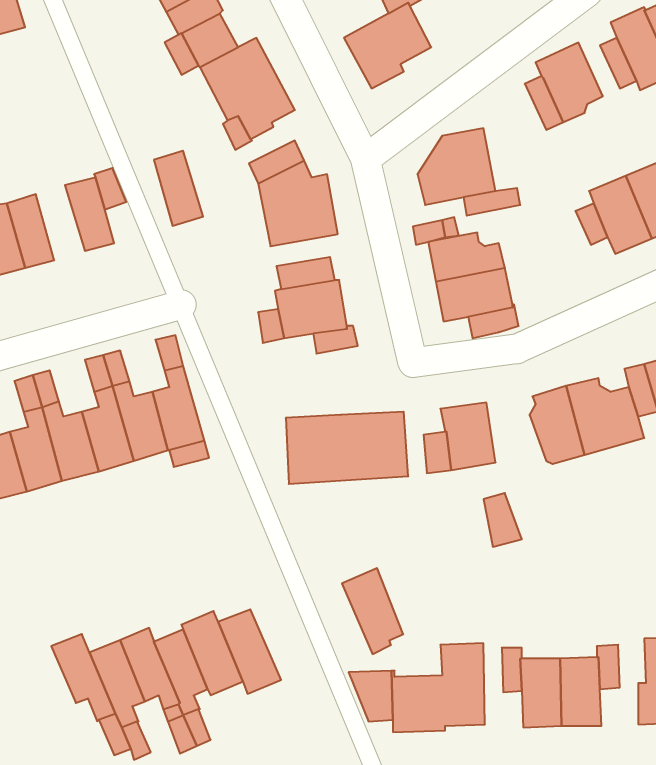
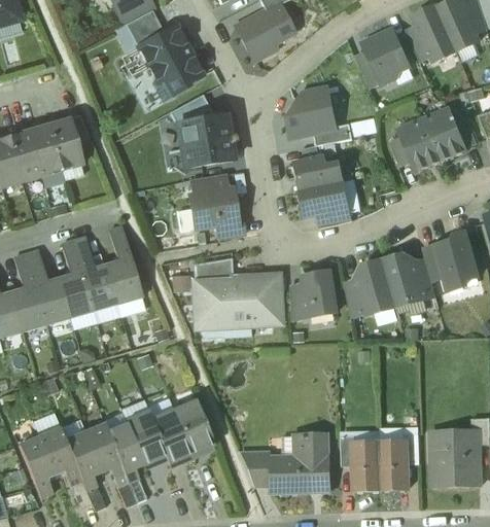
building: [154,151,203,226] -> [28,125,61,175]
building: none -> [195,257,233,281]
building: [484,493,522,547] -> [345,279,371,315]
building: [342,568,403,654] -> [172,399,213,457]
building: none -> [18,434,55,496]

